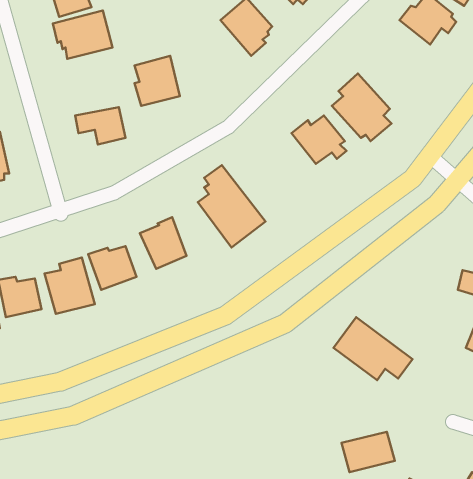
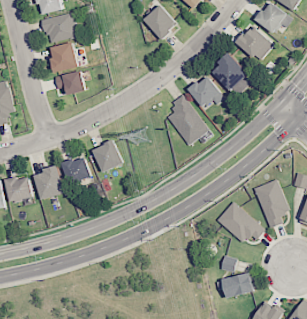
building: none -> [238,27,273,58]
building: [135,56,180,106] -> [52,42,80,73]
building: [198,165,265,247] -> [168,95,210,146]
building: none -> [252,179,288,229]

